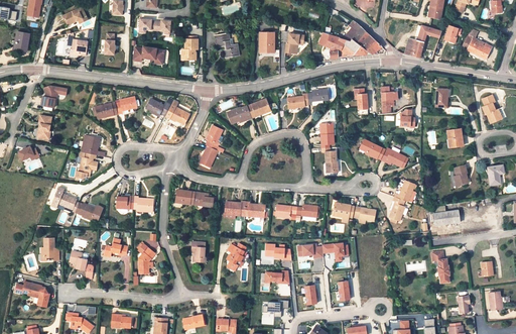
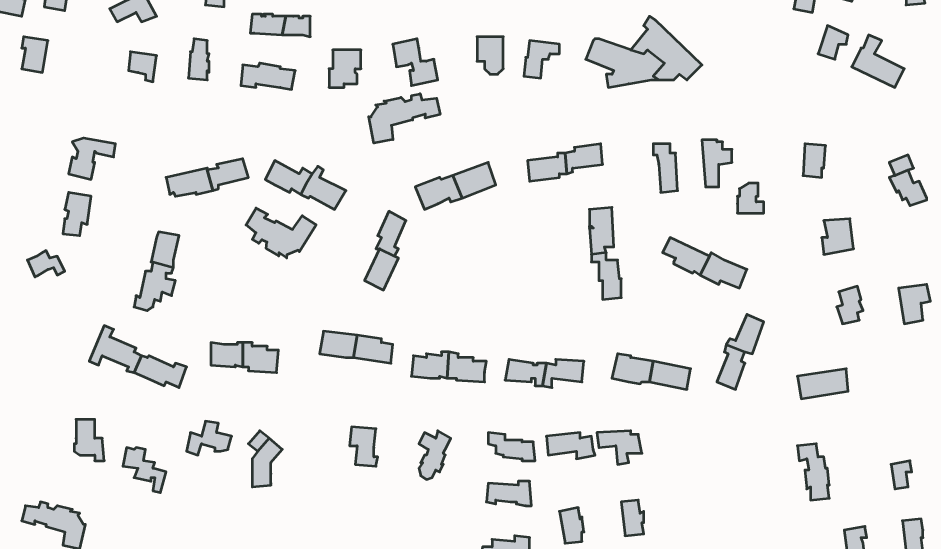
building: [404,25,440,58] -> none
building: none -> [369,94,440,143]
building: none -> [246,208,316,258]

